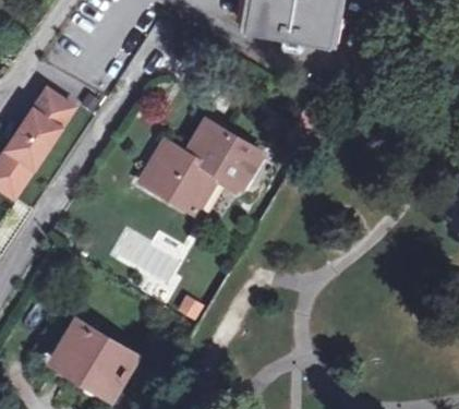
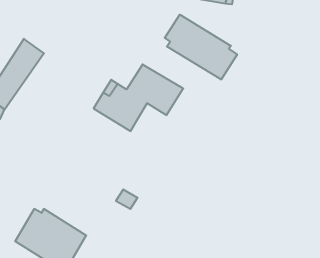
building: none -> [165,15,237,80]

